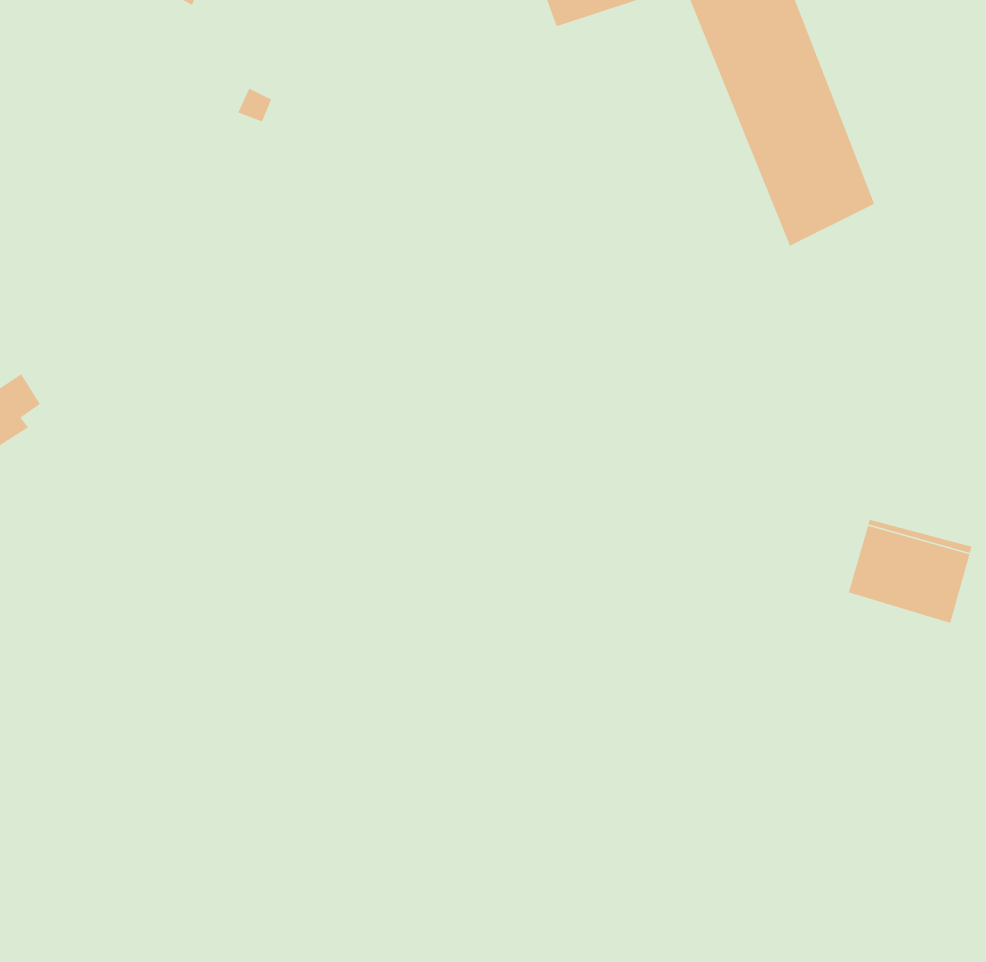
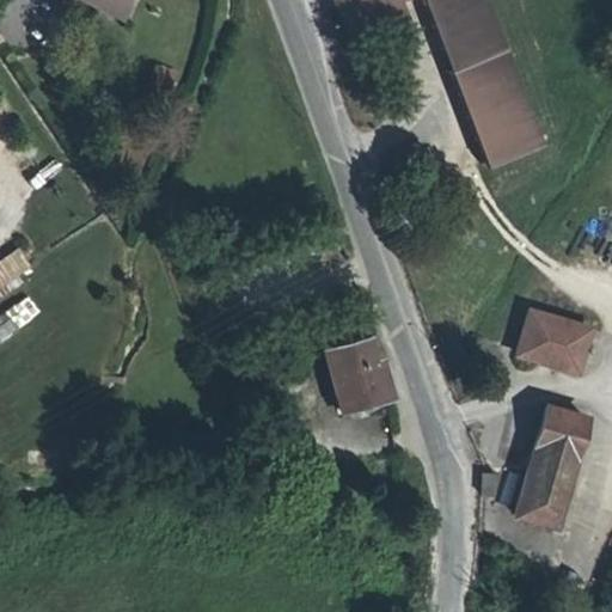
building: none -> [325,343,390,421]
building: none -> [518,416,589,538]

